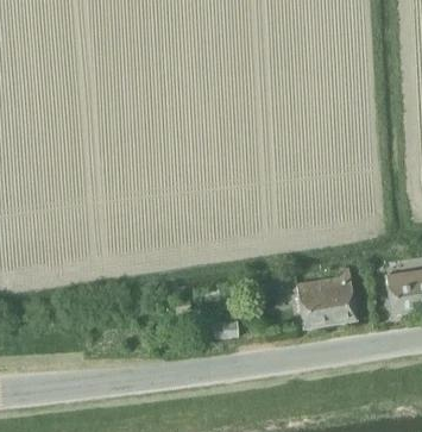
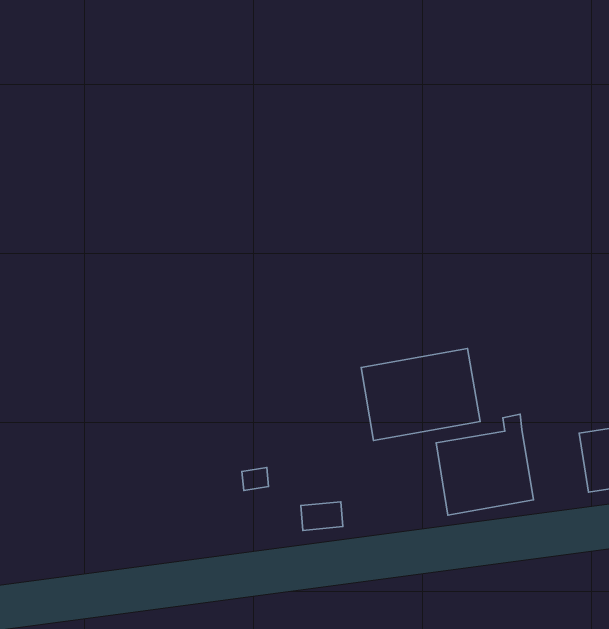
building: none -> [361,348,480,440]

